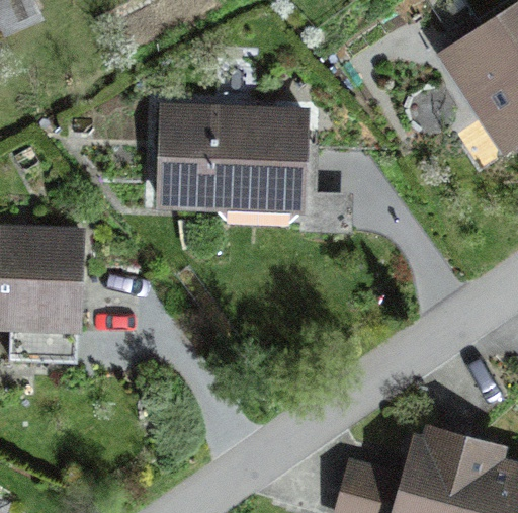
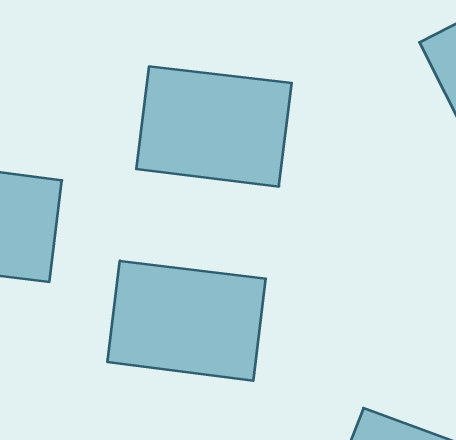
building: none -> [108,261,266,381]

